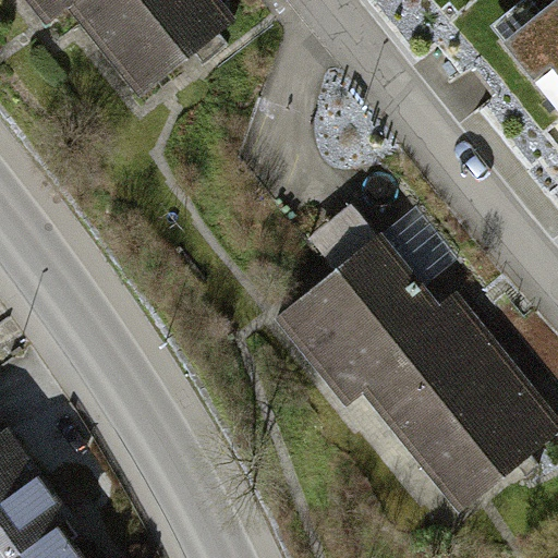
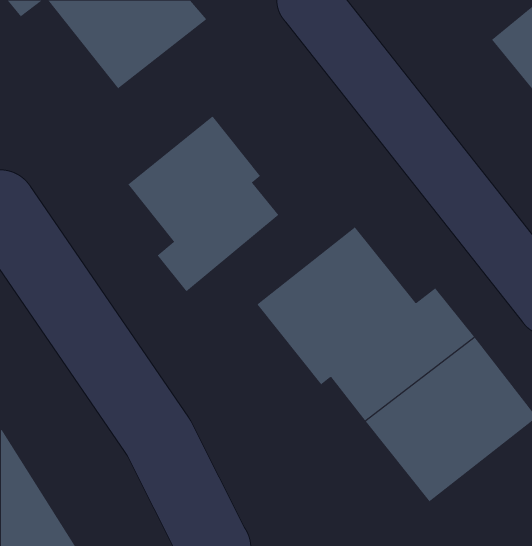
building: none -> [127,116,279,292]

